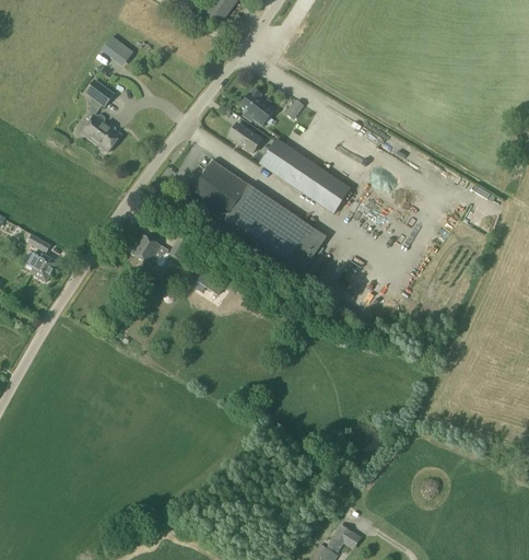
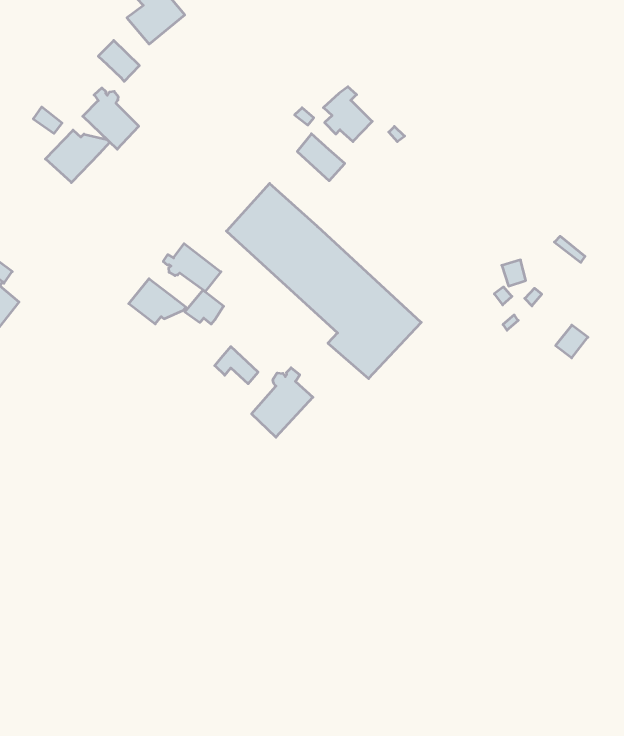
building: [258,137,349,212] -> none
building: none -> [45,130,110,183]
building: none -> [163,244,221,292]
building: none -> [252,368,313,437]

